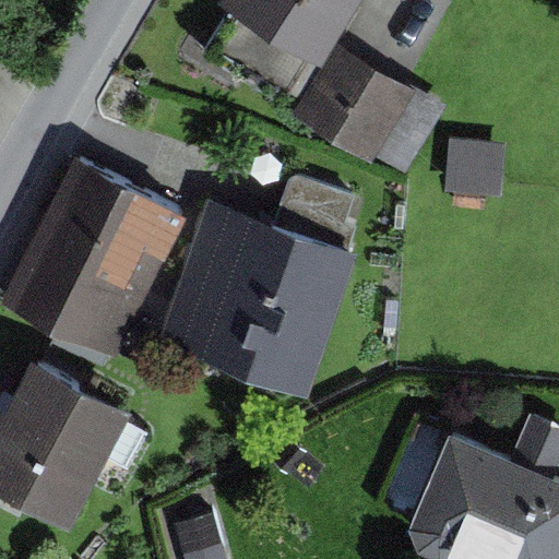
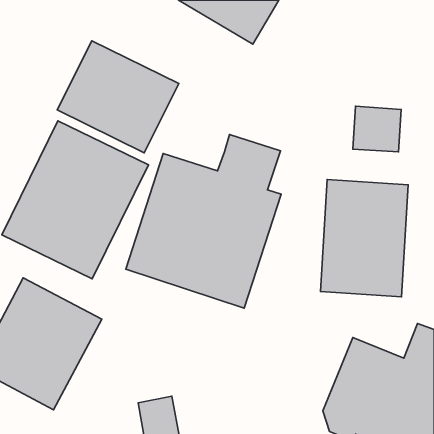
building: [294,45,448,178] -> none
building: none -> [57,41,179,153]
building: none -> [320,180,408,297]

